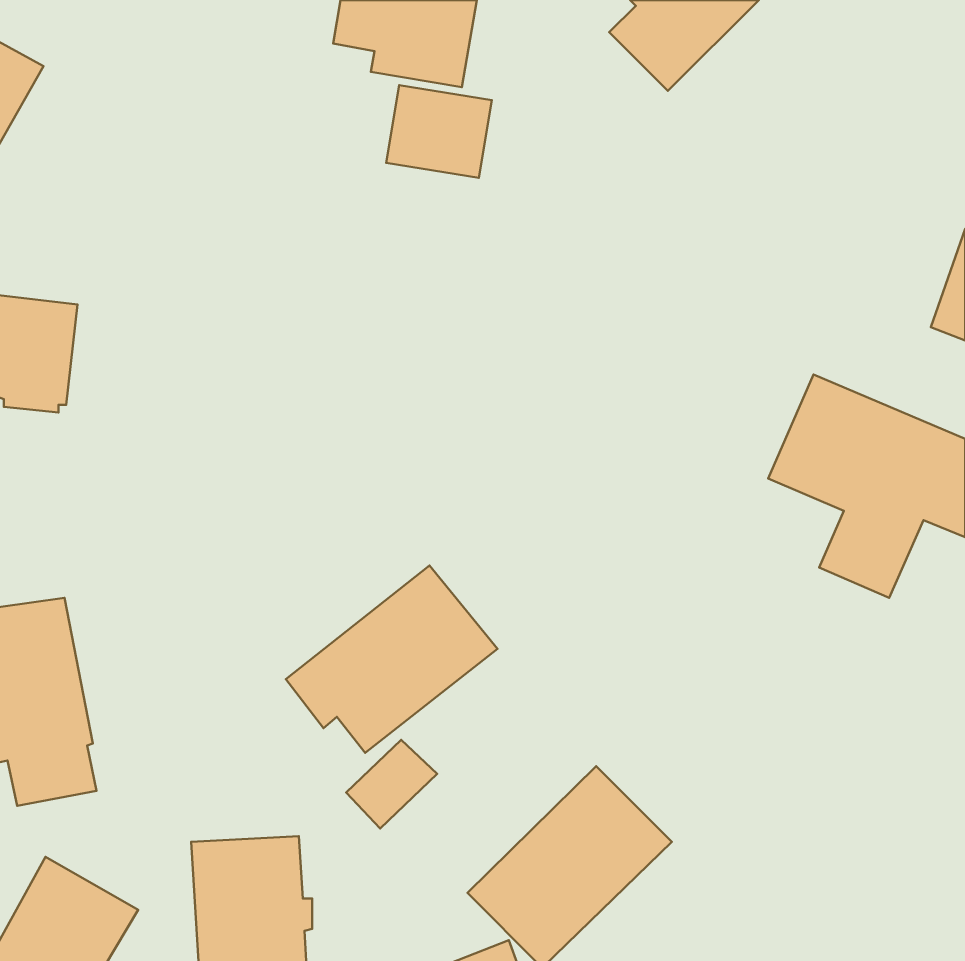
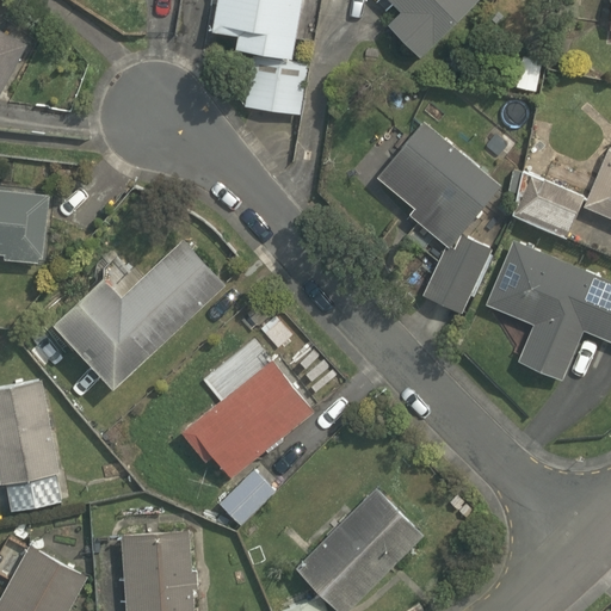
building: none -> [375,121,500,314]
building: none -> [510,175,584,241]
building: none -> [51,239,226,388]

